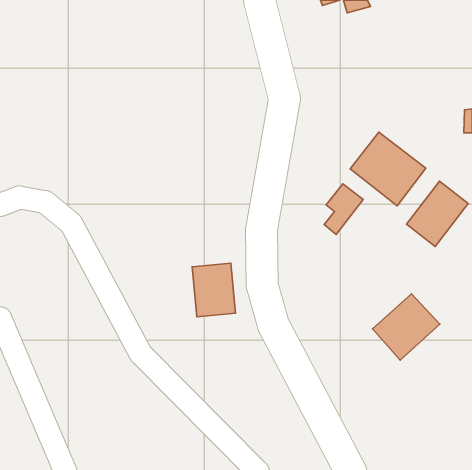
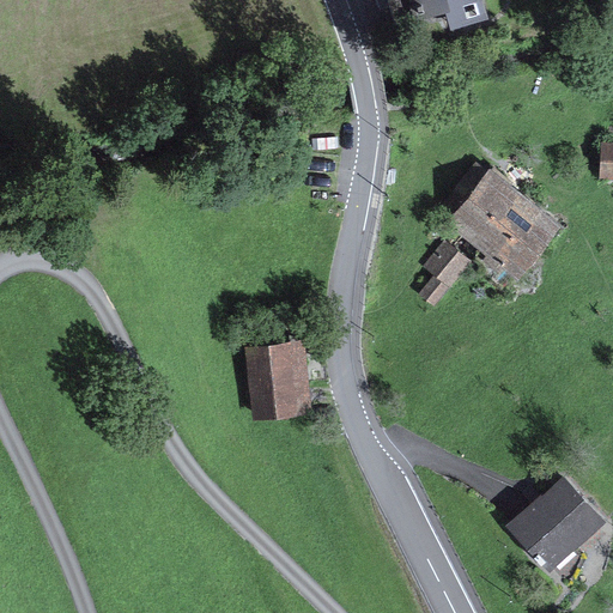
building: [406,181,468,247] -> none
building: [373,294,440,360] -> [512,480,600,566]

